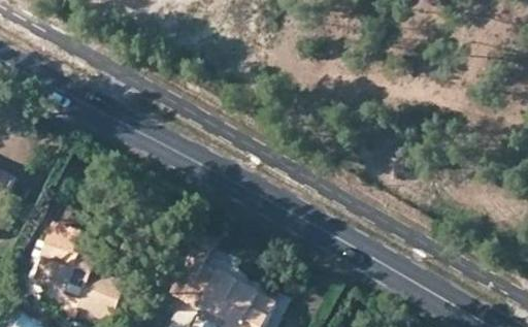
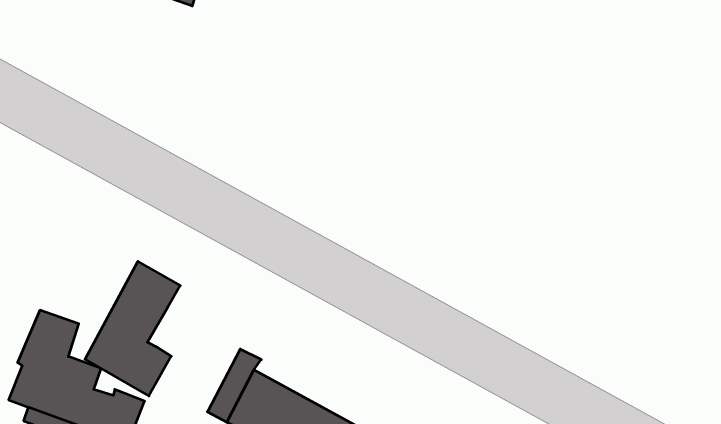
building: none -> [85,261,180,396]

